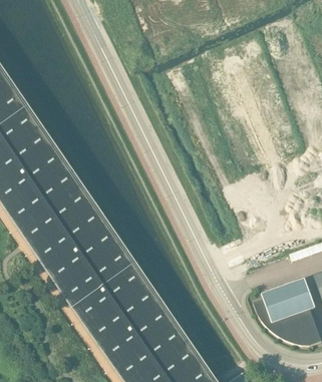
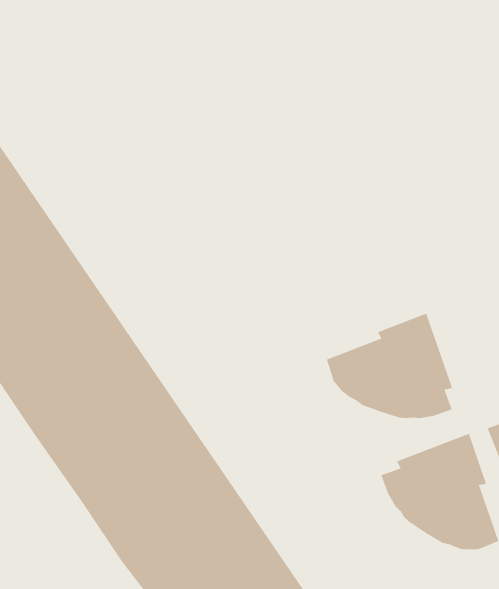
building: none -> [326,313,453,419]

